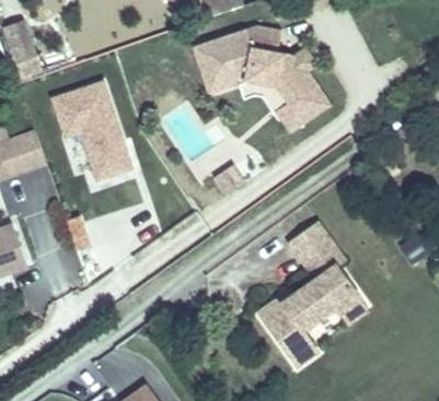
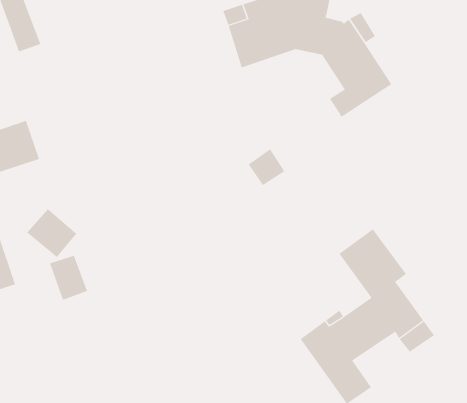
building: [241,76,293,119] -> none
building: [48,78,135,190] -> none

